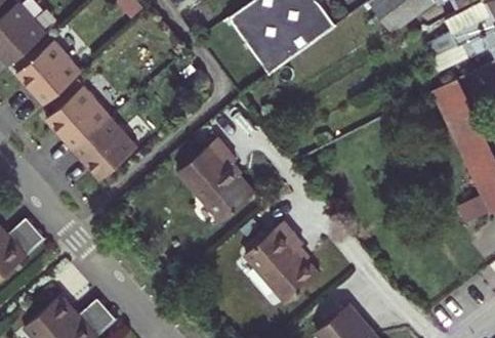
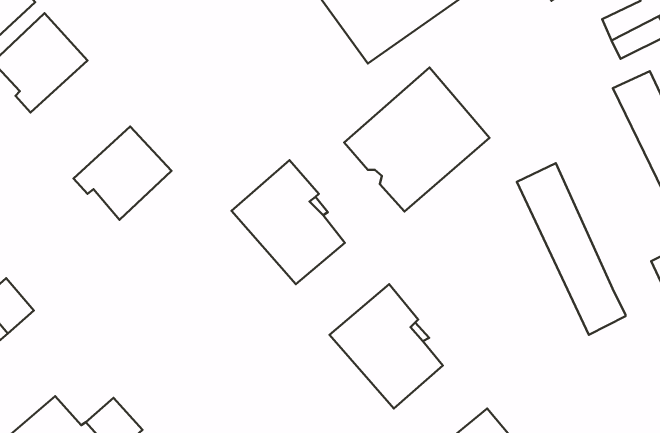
building: none -> [344,67,490,212]
building: [47,85,110,151] -> none
building: none -> [517,163,626,335]

